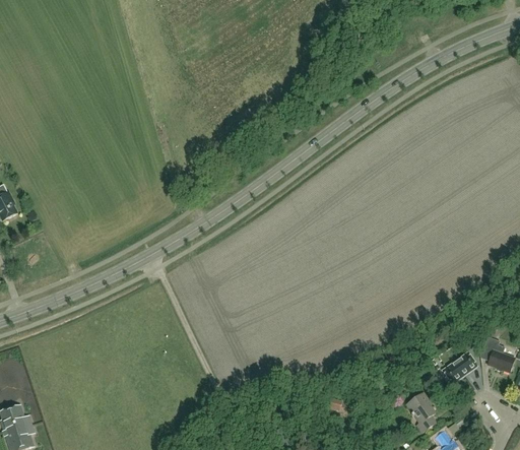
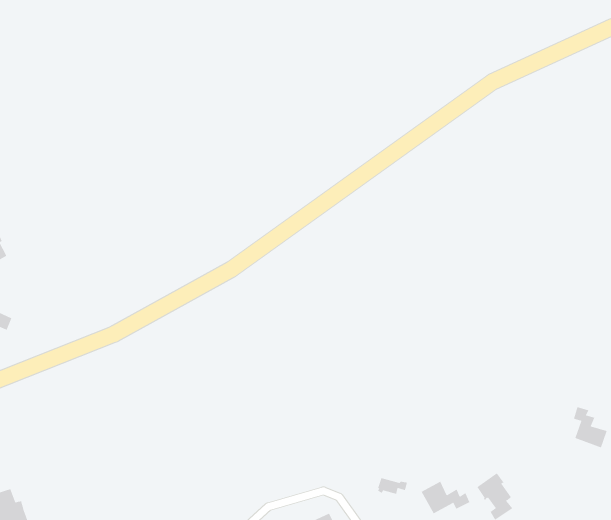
building: [441,352,476,384] -> none
building: none -> [421,481,470,514]

